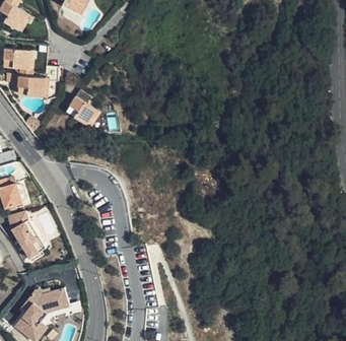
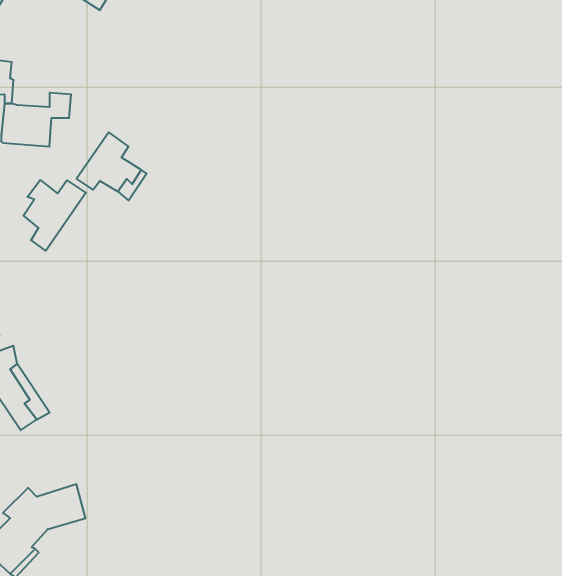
building: none -> [23,180,86,251]

